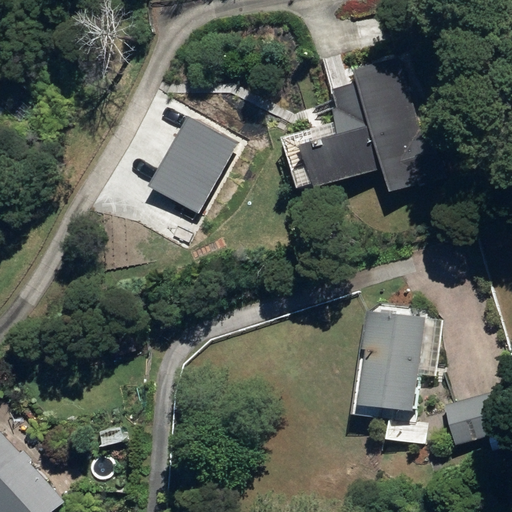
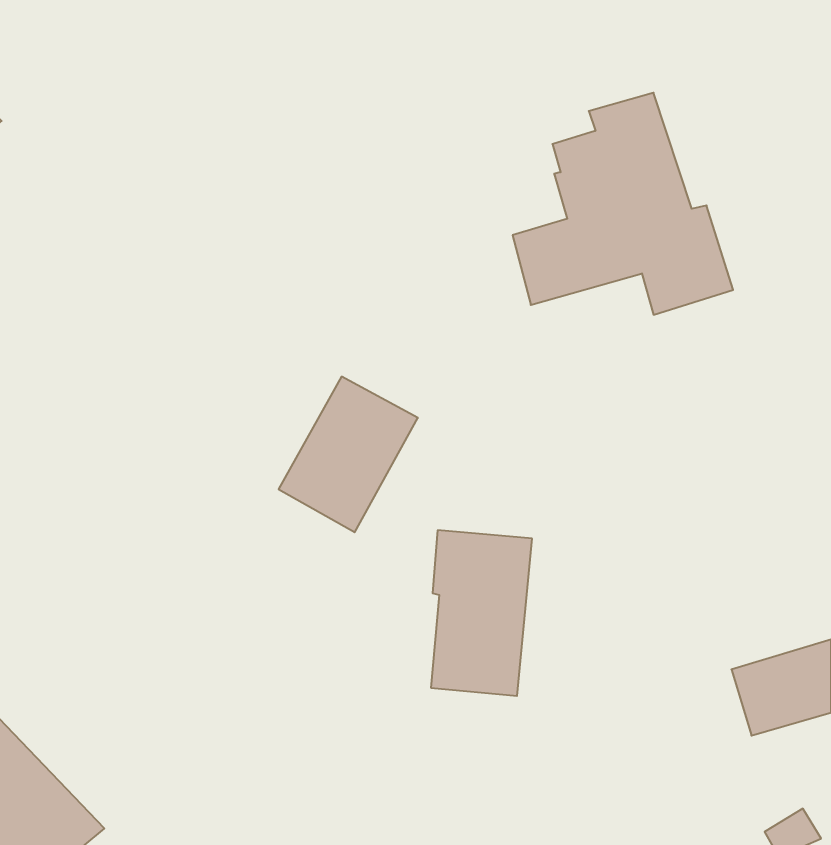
building: [150,121,234,215] -> [279,377,418,532]
building: [361,310,422,410] -> [431,530,532,696]

